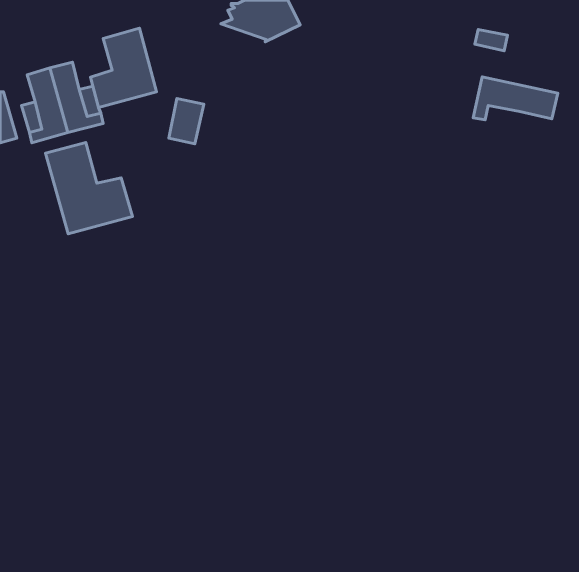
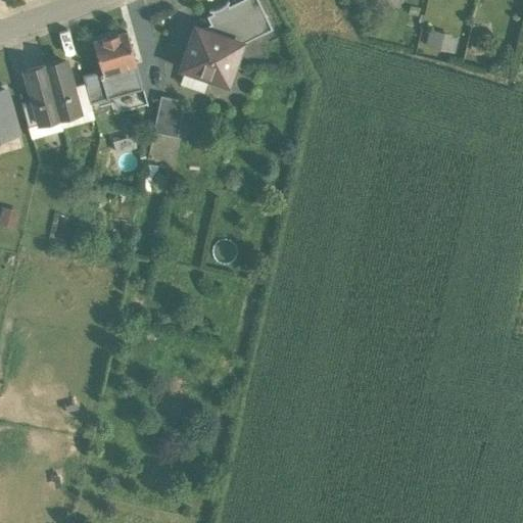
building: none -> [181,28,240,83]
building: [473,77,558,120] -> none
building: [45,143,132,234] -> none

